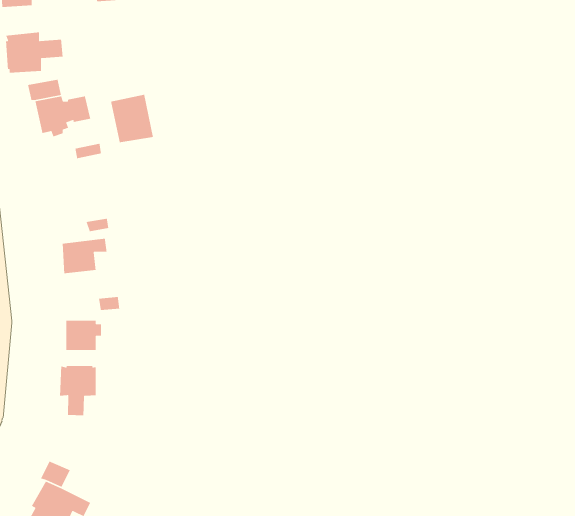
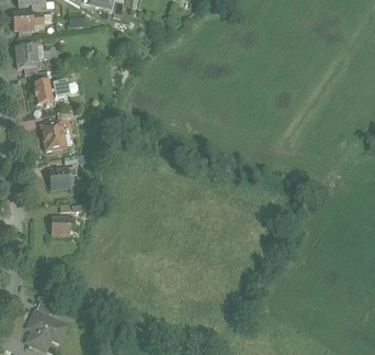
building: [110,94,154,143] -> [39,121,66,151]
building: [59,365,97,416] -> none

